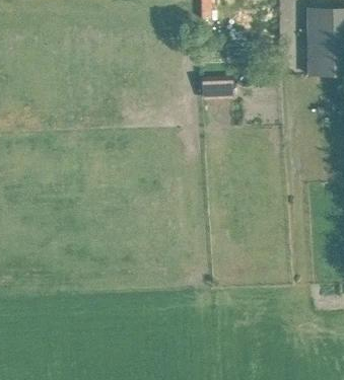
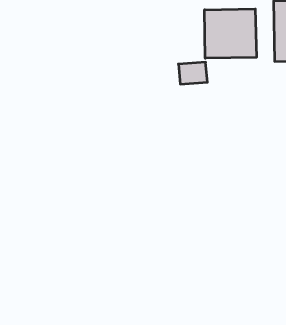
building: none -> [205,9,256,58]

